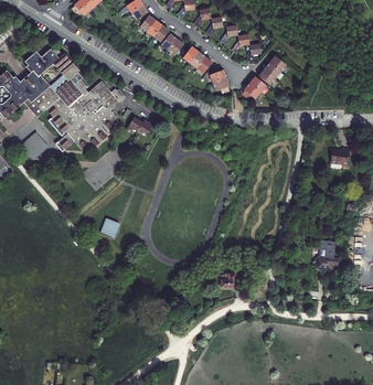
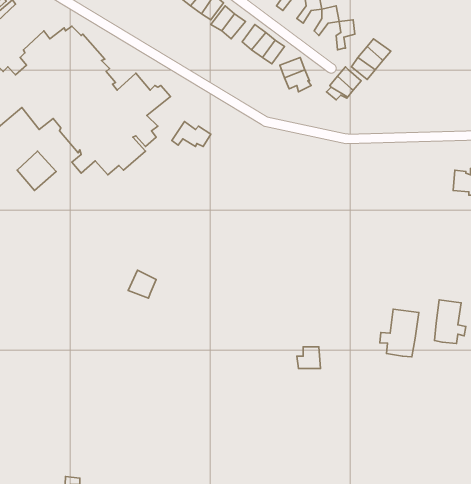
building: none -> [380,309,419,357]

